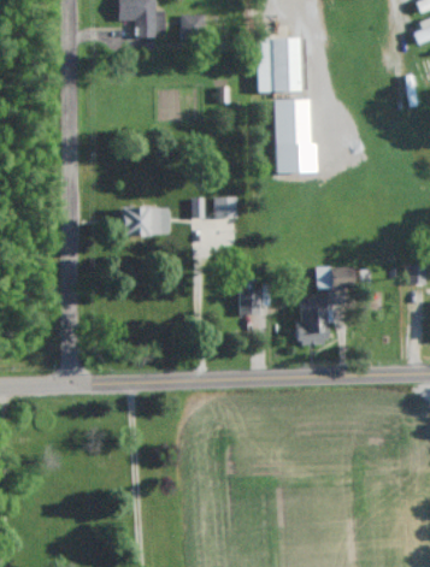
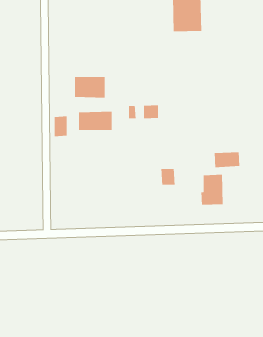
building: [273,99,317,173] -> none
building: none -> [74,76,106,98]
building: none -> [54,116,67,137]

